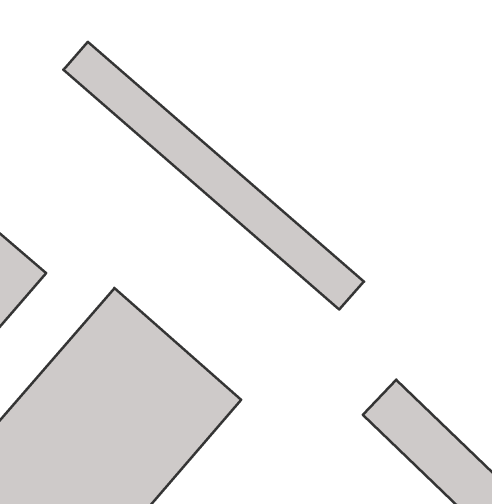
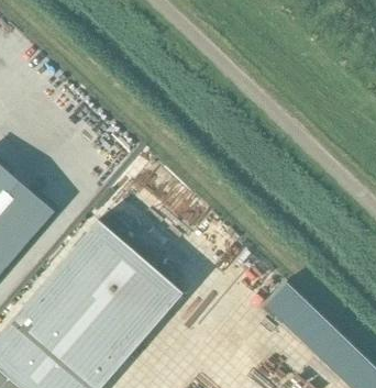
building: [63,42,364,309] -> none

